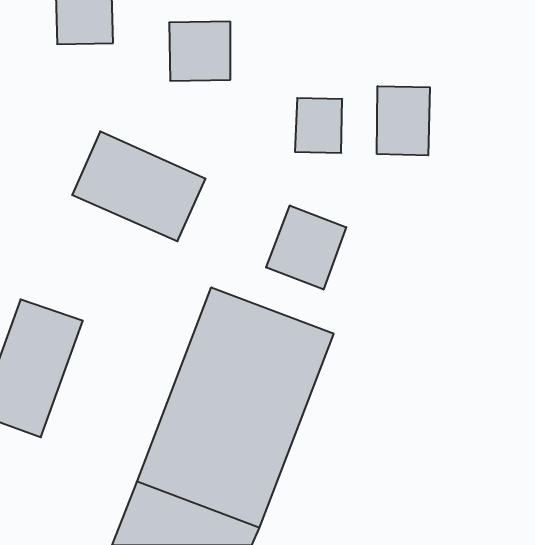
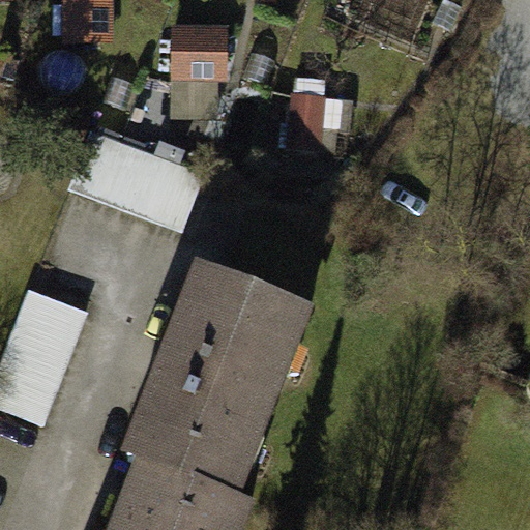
building: [377,86,430,155] -> none
building: [266,205,346,290] -> none

